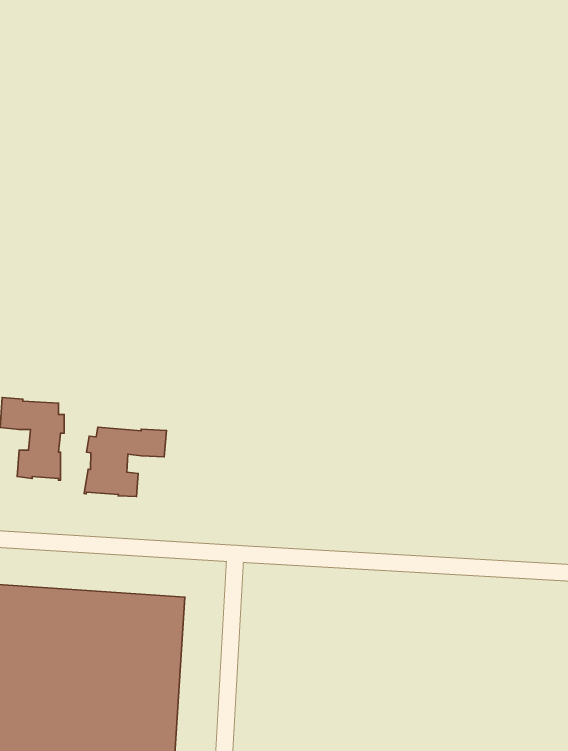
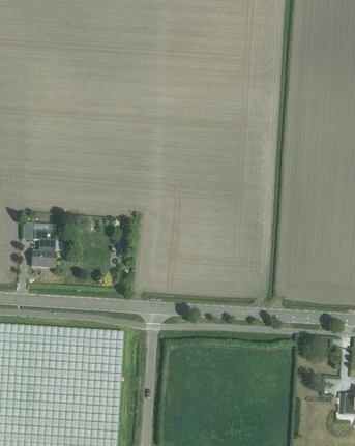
building: [84,427,167,497] -> none

